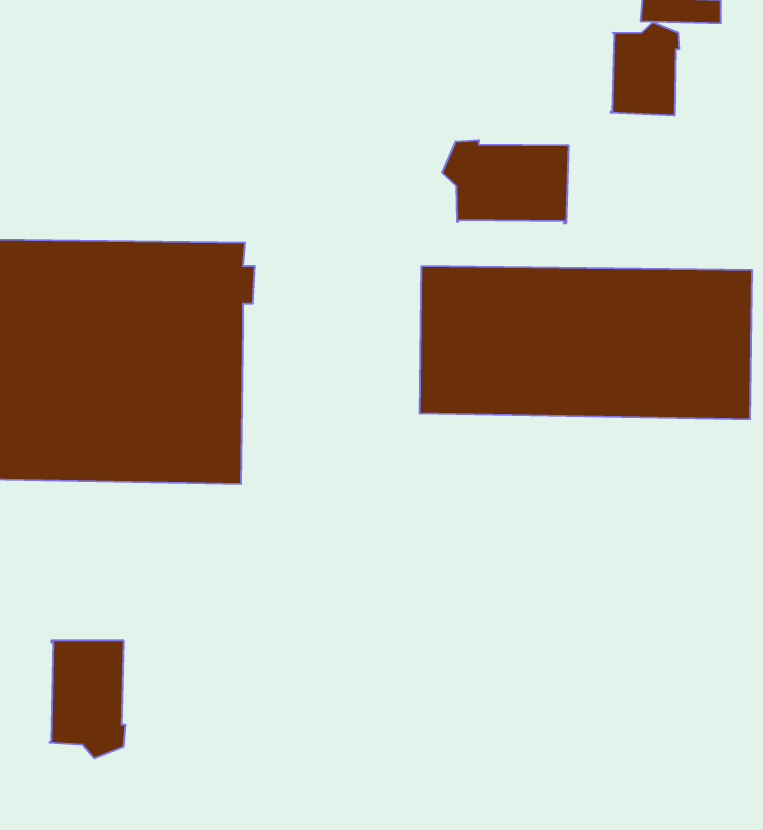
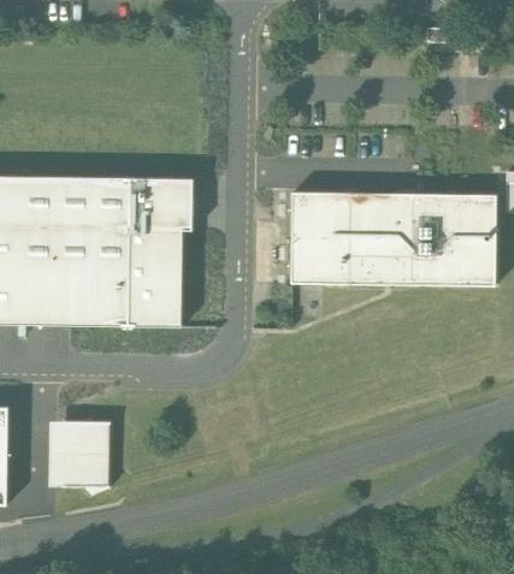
building: [611,22,679,116] -> none
building: [442,140,569,223] -> none

